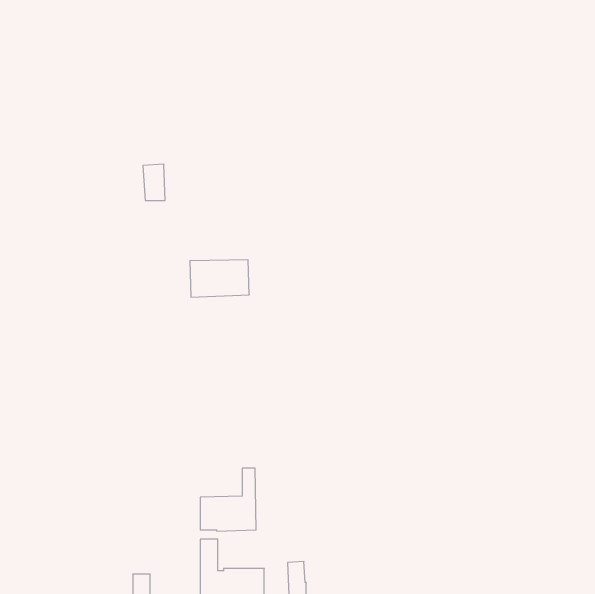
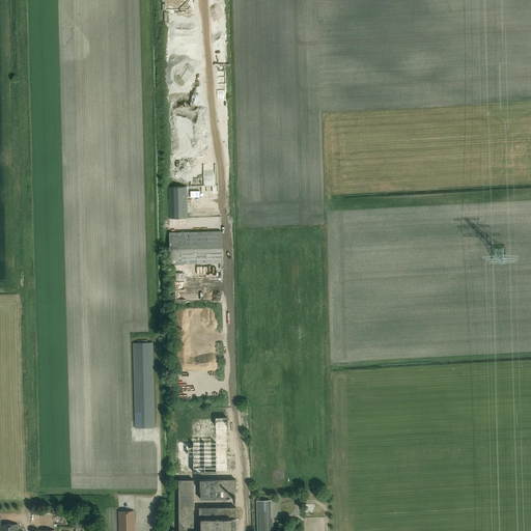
building: [143,164,165,200] -> [168,187,188,219]
building: none -> [133,341,155,428]
building: none -> [199,480,235,500]

